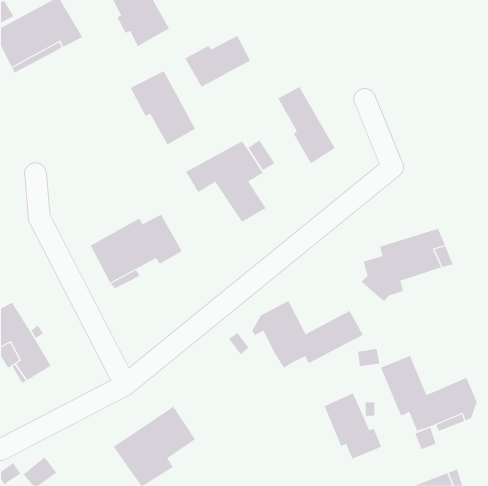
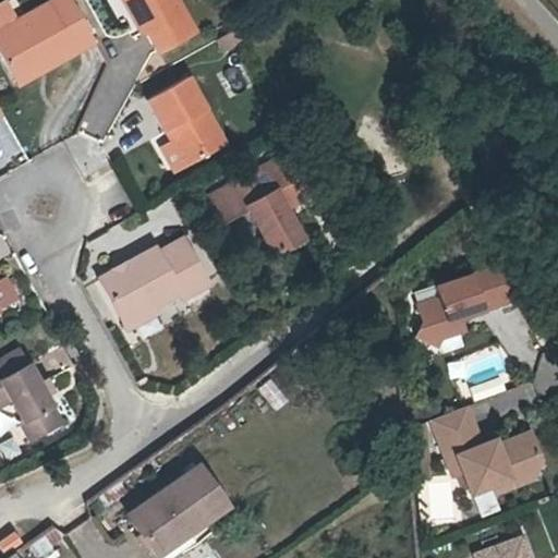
building: [184,35,251,88] -> none
building: [278,86,335,164] -> none
building: [252,300,363,368] -> none
building: [324,392,382,459] -> none

